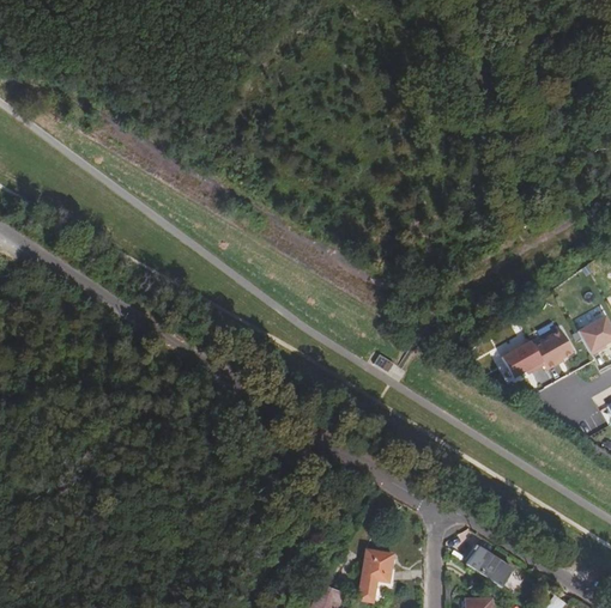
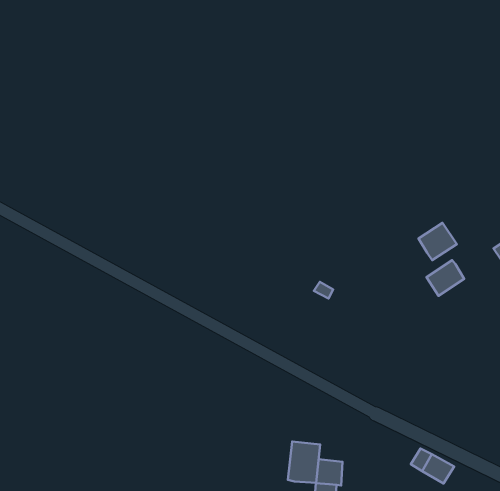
building: [533,329,575,370] -> [419,223,457,260]
building: none -> [288,442,320,483]

